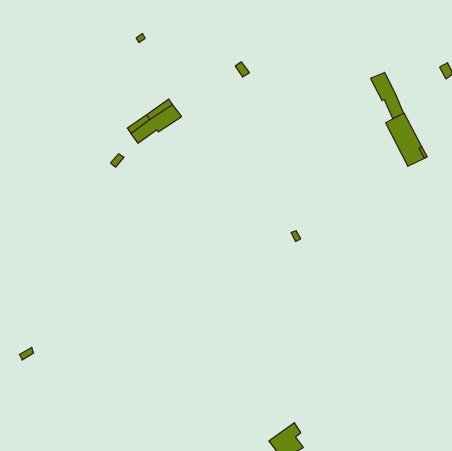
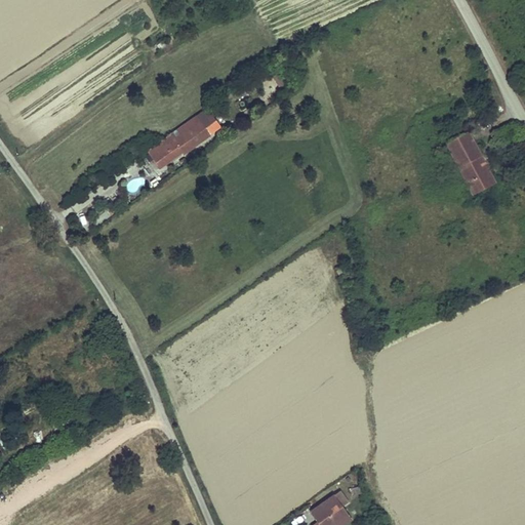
building: [371,72,404,118] -> none
building: none -> [196,105,221,135]

